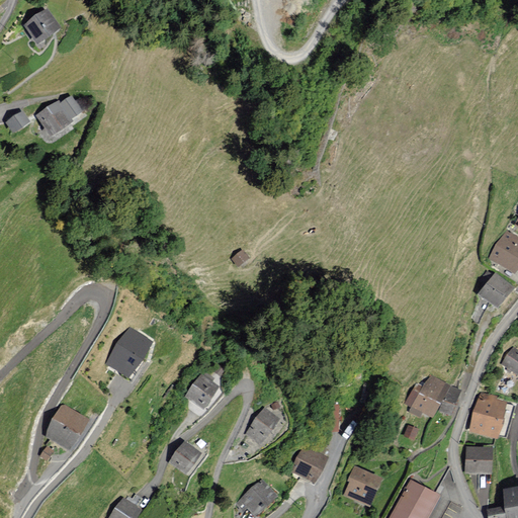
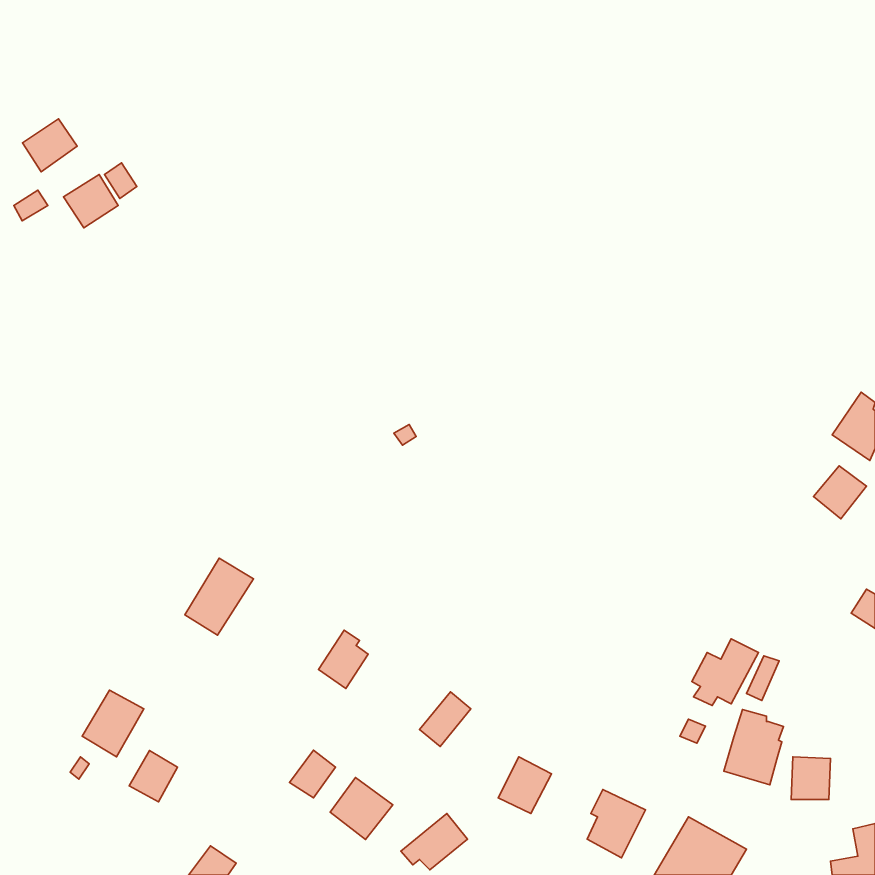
building: [26,11,59,42] -> [22,119,77,172]
building: [469,394,505,438] -> [724,709,784,785]
building: none -> [129,750,177,802]
building: none -> [330,777,393,840]

